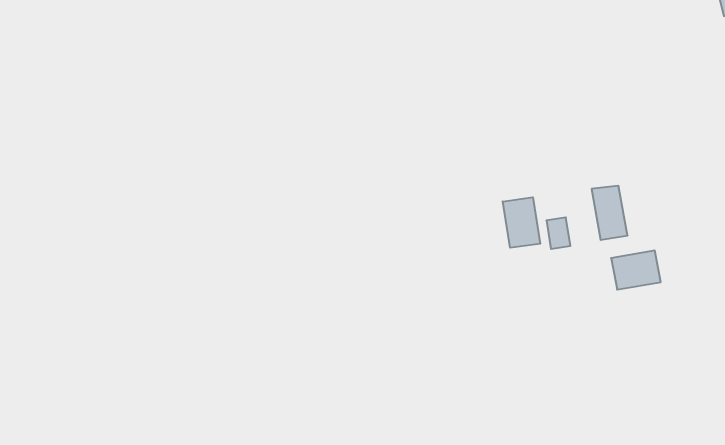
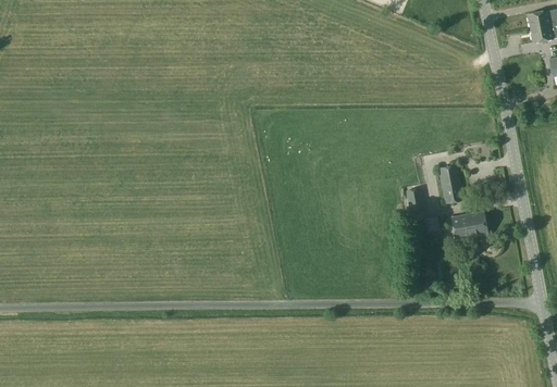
building: [503,197,540,248] -> none

